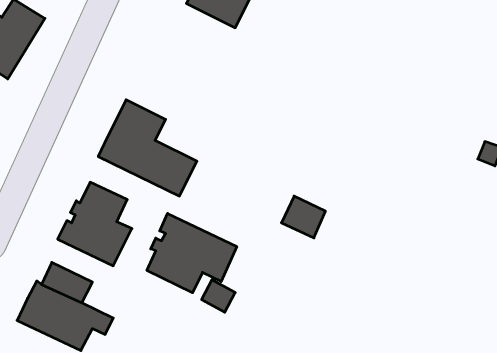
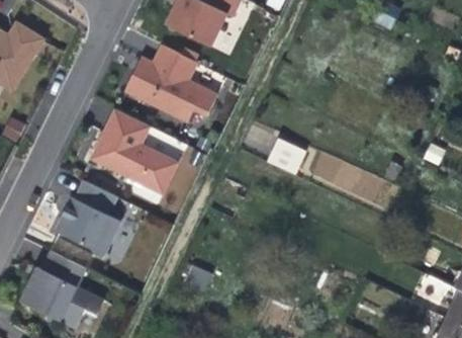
building: none -> [125,45,217,120]
building: [281,196,325,238] -> [267,139,305,175]
building: [147,213,237,293] -> none

